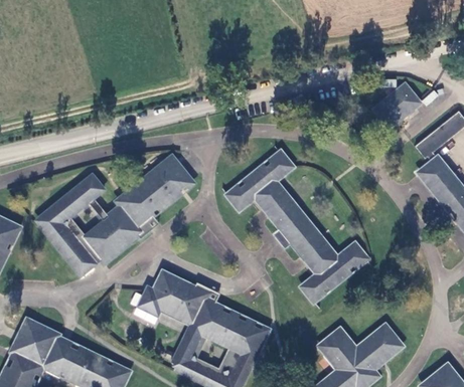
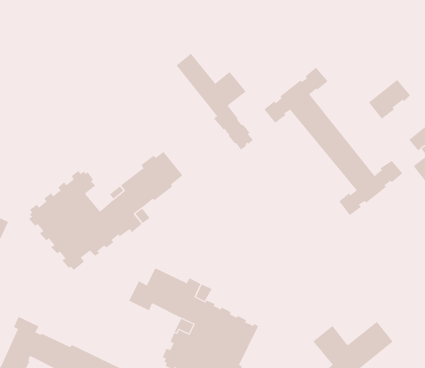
building: none -> [176,53,254,150]
building: [227,151,366,299] -> [264,67,403,216]

